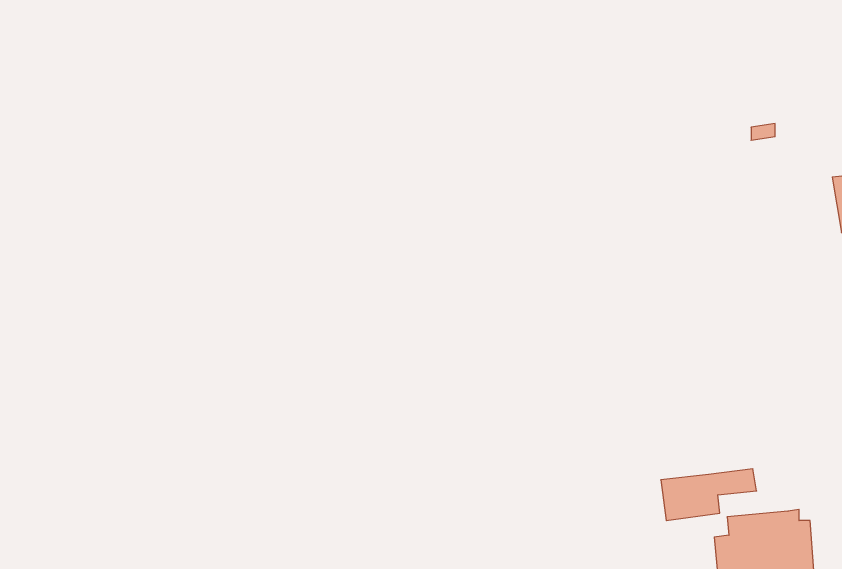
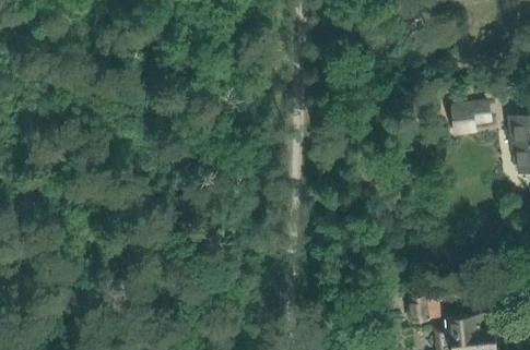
building: none -> [452,102,492,125]

